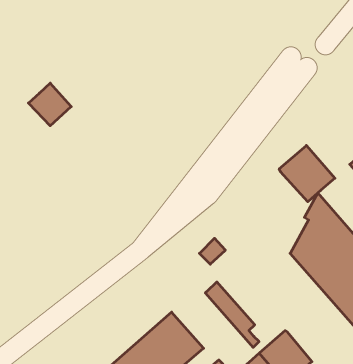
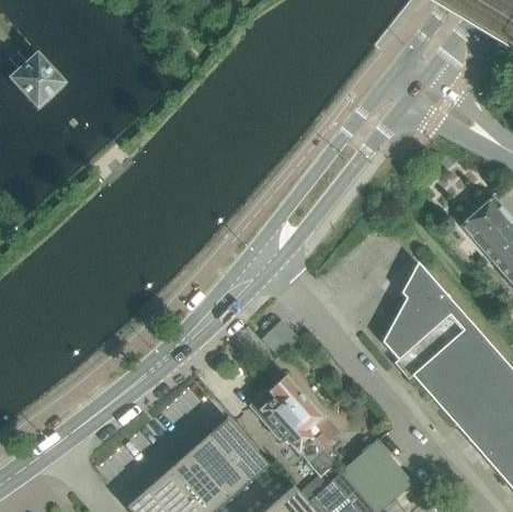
building: [28,83,71,126] -> [9,53,65,109]
building: [279,145,335,202] -> none
building: none -> [251,389,334,476]

